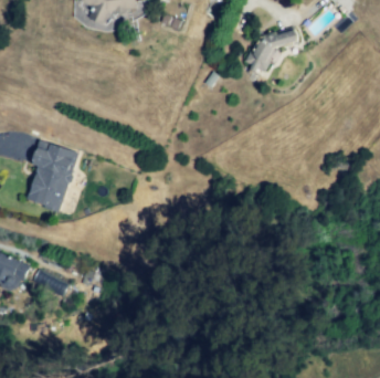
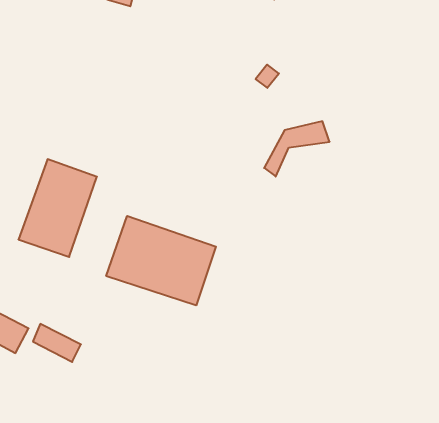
building: [250,29,299,71] -> [264,121,330,177]
building: none -> [106,216,216,305]

